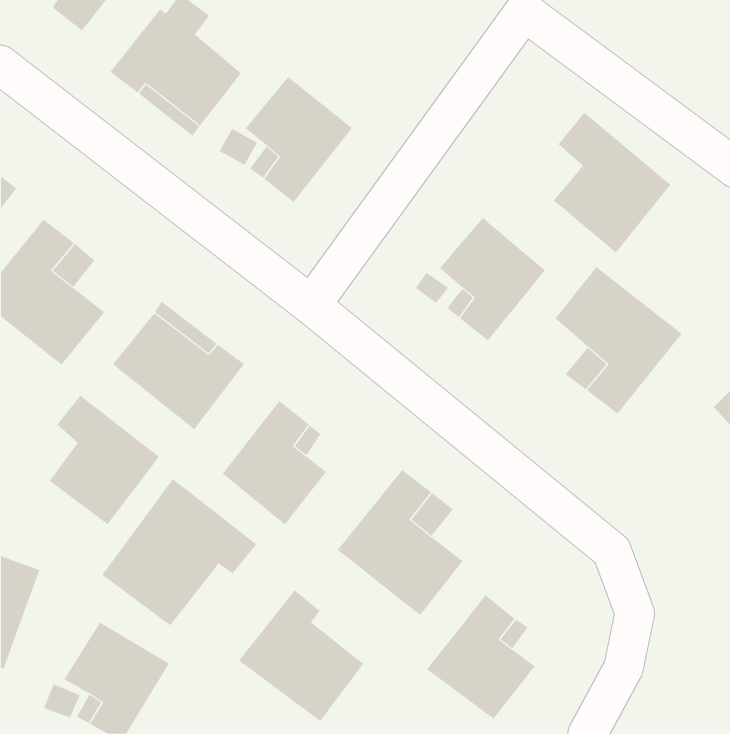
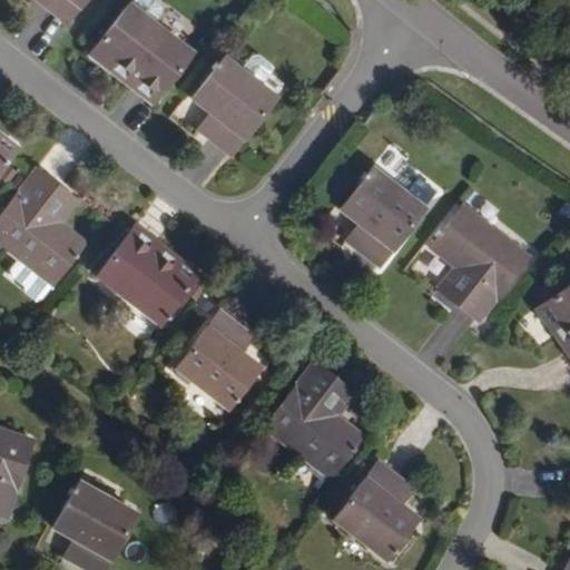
building: [553,112,671,253] -> none
building: [49,395,160,525] -> none
building: [102,478,257,626] -> none
building: [238,589,364,722] -> none

